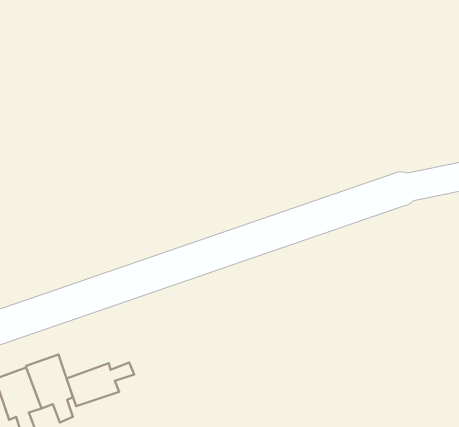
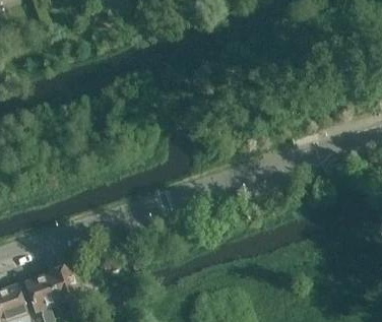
building: [67,362,134,406] -> none

